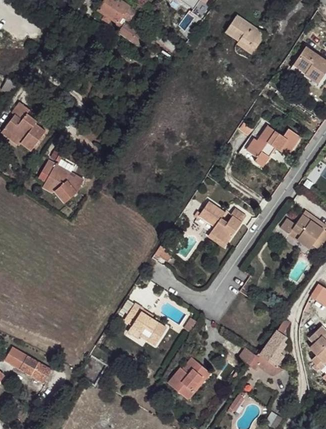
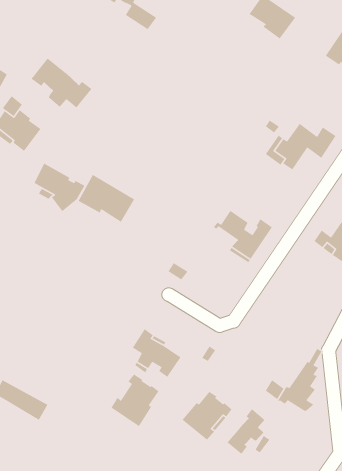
building: none -> [30,58,93,109]
building: none -> [78,174,135,223]
building: none -> [110,373,159,427]
building: none -> [227,408,265,455]

